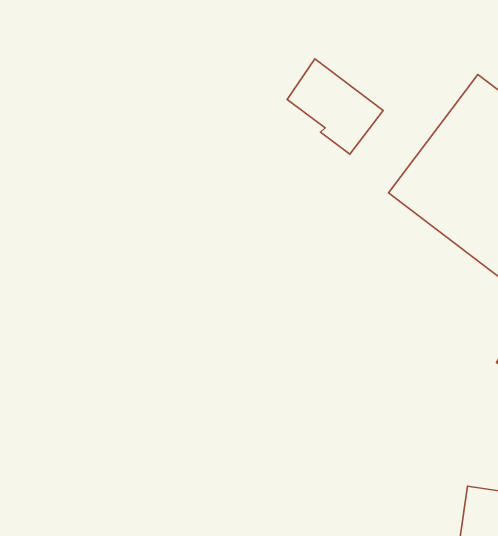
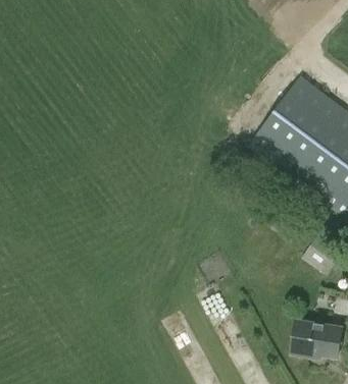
building: [287,59,383,154] -> none

